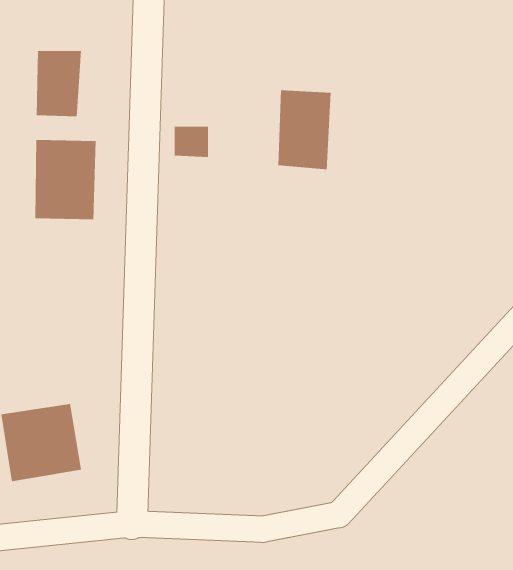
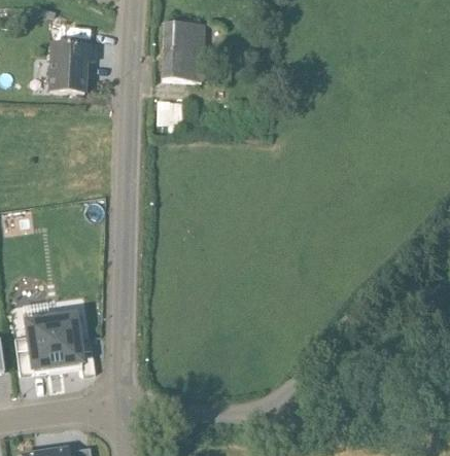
building: [277,90,332,170] -> [164,20,205,80]
building: [35,139,96,220] -> none

